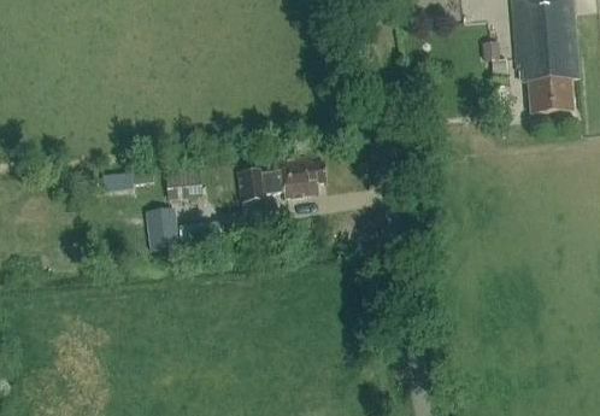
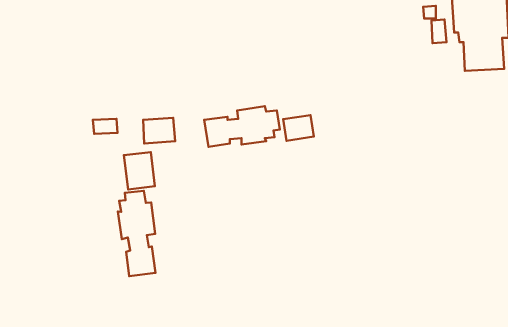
building: none -> [283,115,314,141]
building: none -> [118,191,156,276]

